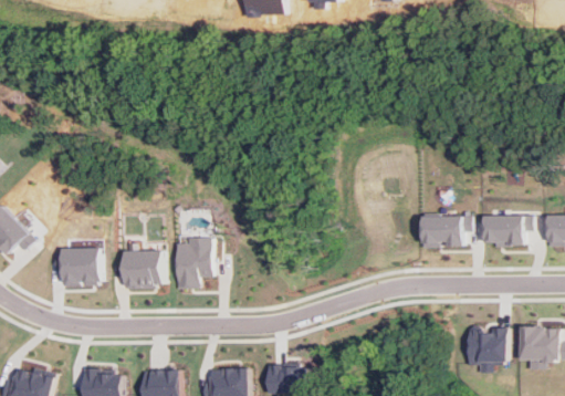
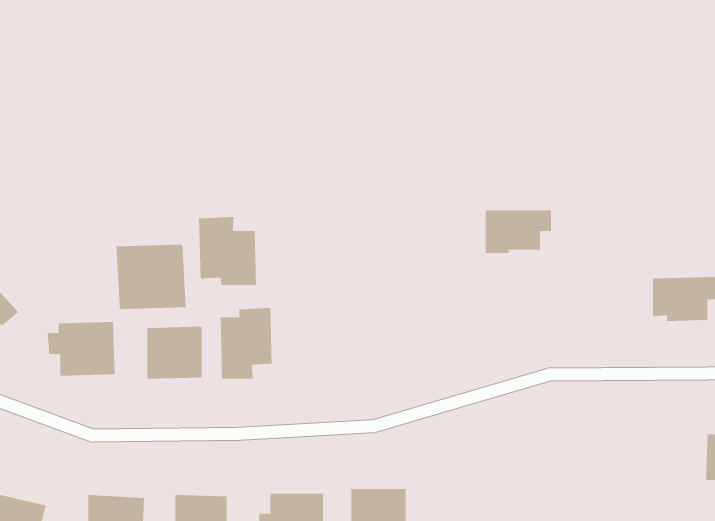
building: none -> [199,216,256,286]
building: none -> [116,244,186,310]
building: [421,216,469,247] -> [485,210,552,253]
building: [468,326,506,372] -> none

